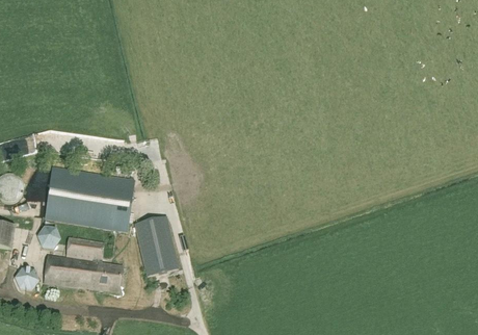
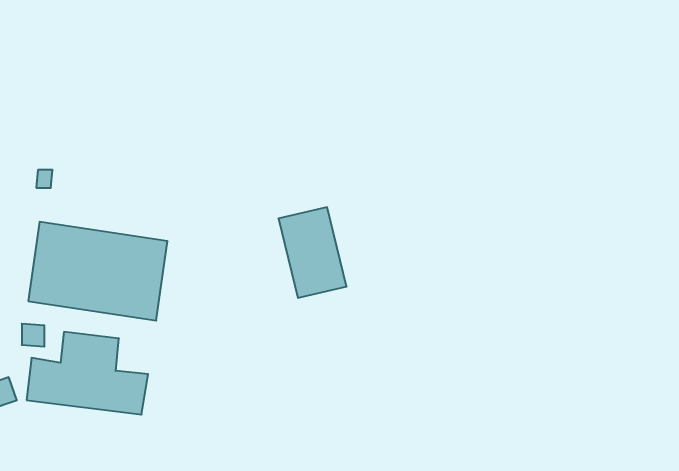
building: [134,217,178,276] -> [278,207,347,298]

